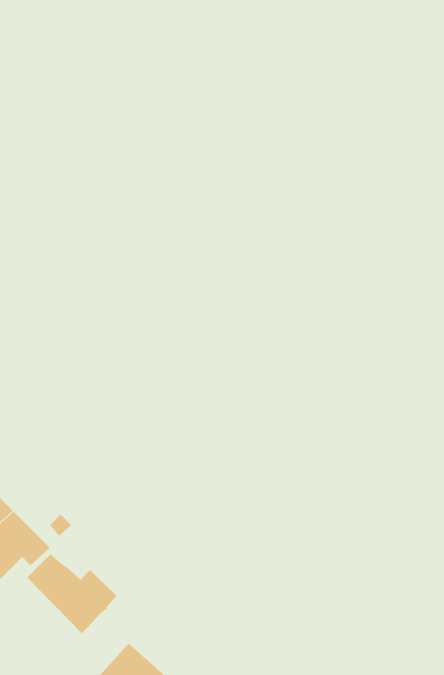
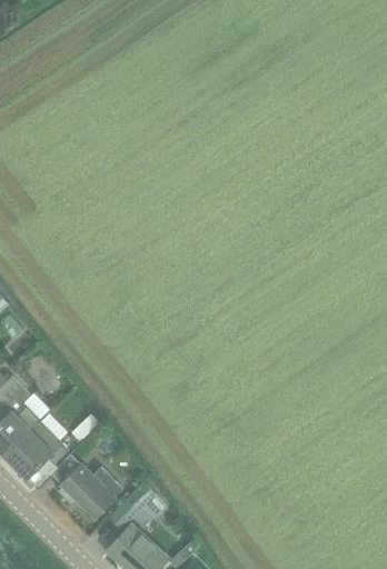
building: none -> [108,481,167,530]

